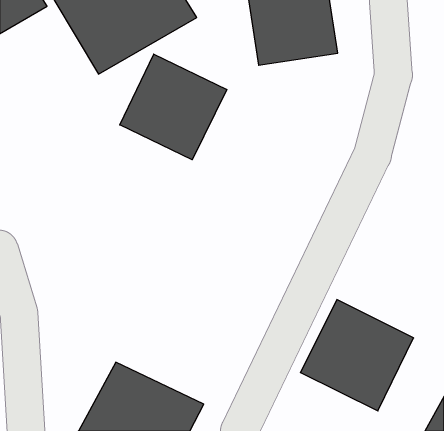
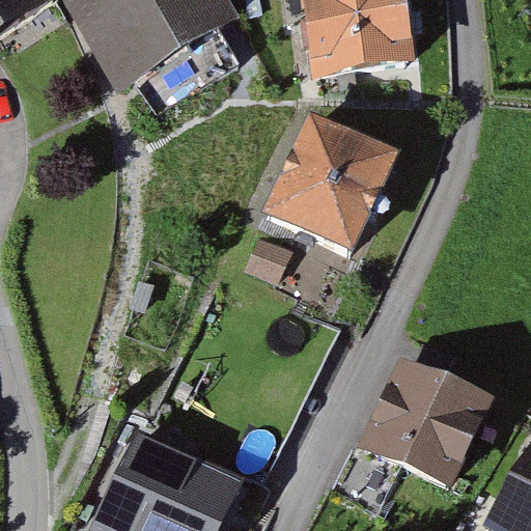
building: [120,54,227,160] -> none
building: none -> [261,112,399,254]

